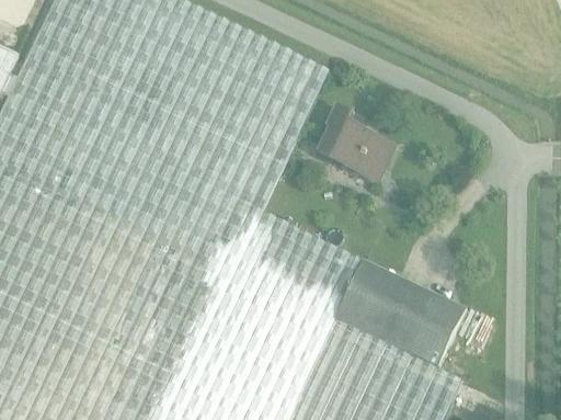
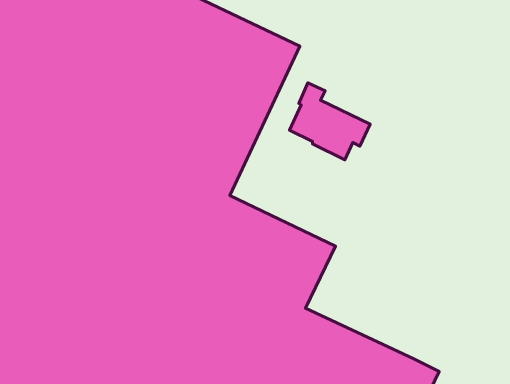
building: [334,262,465,370] -> none

